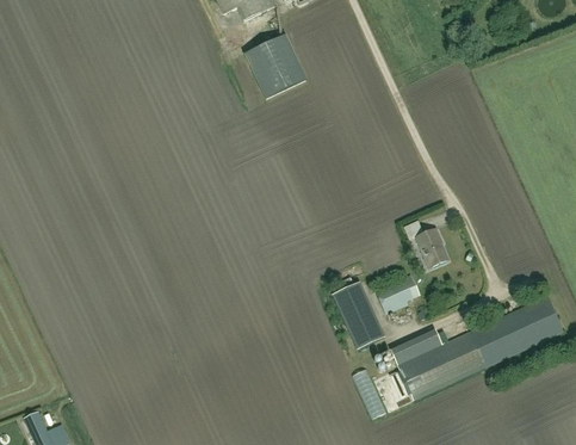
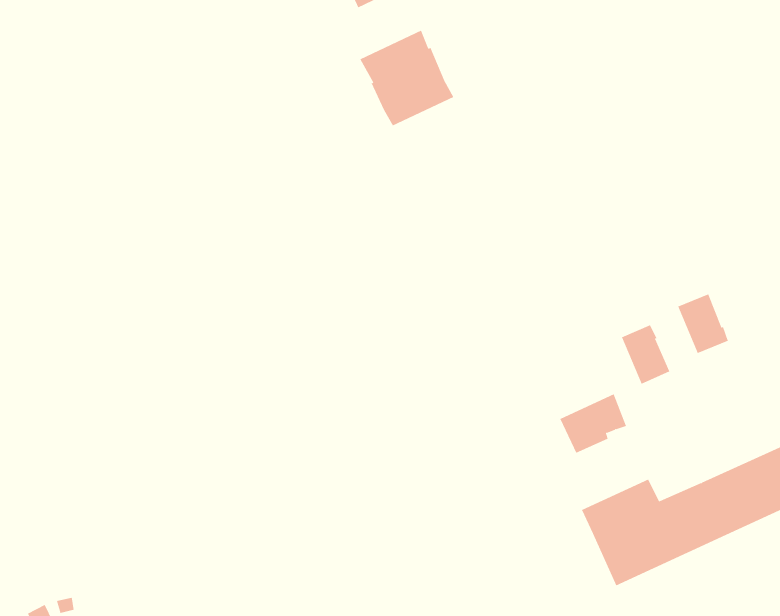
building: none -> [677,294,729,354]
building: [333,280,385,348] -> none

